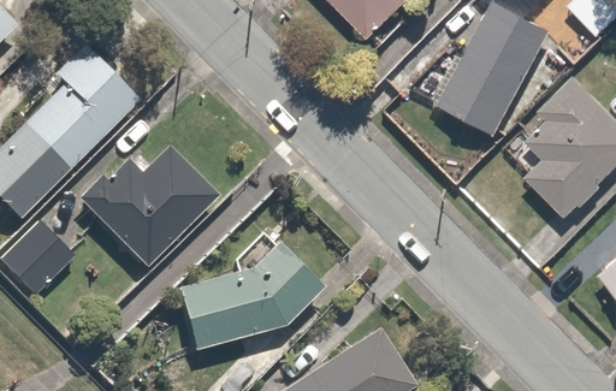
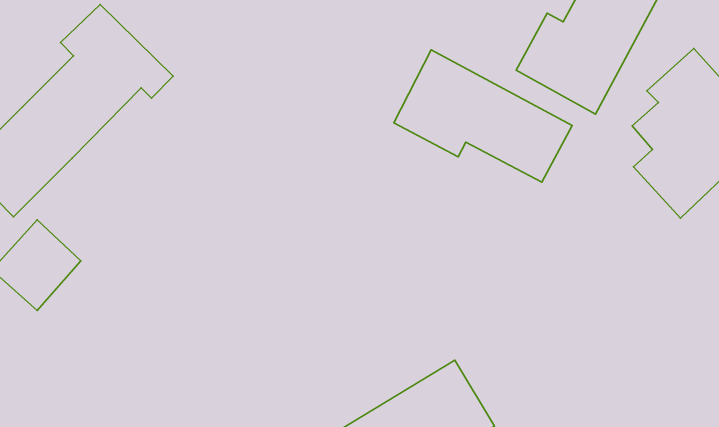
building: none -> [394,50,572,182]
building: [77,146,218,268] -> none
building: [177,247,315,353] -> none

